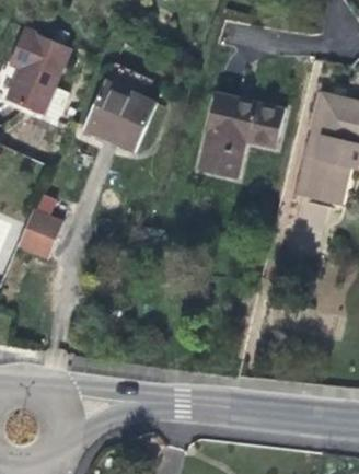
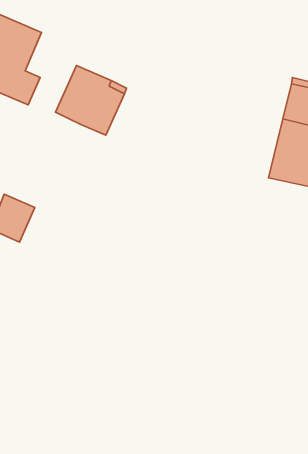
building: [196,92,283,178] -> none

